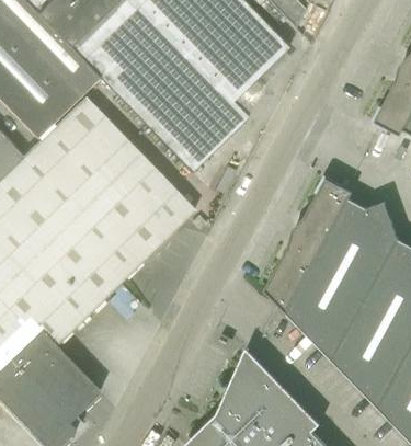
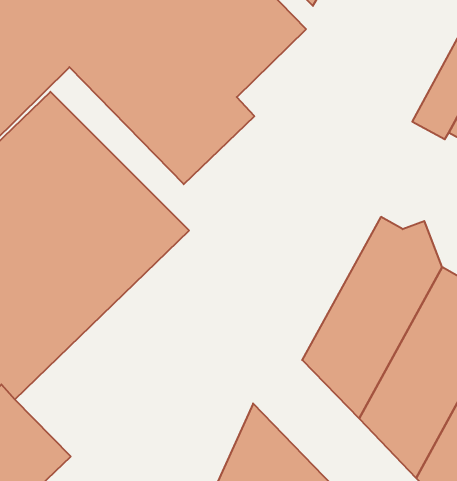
building: [263,179,352,315] -> none

